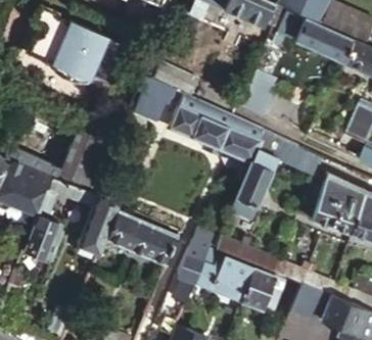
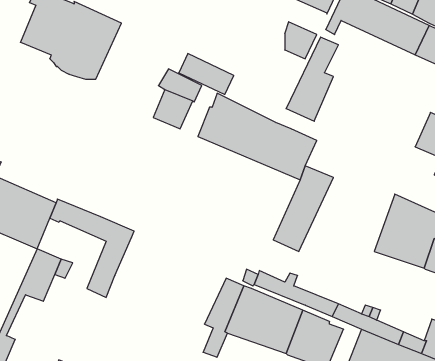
building: [57,131,112,193] -> none
building: [255,132,323,177] -> none
building: [103,209,178,264] -> none

